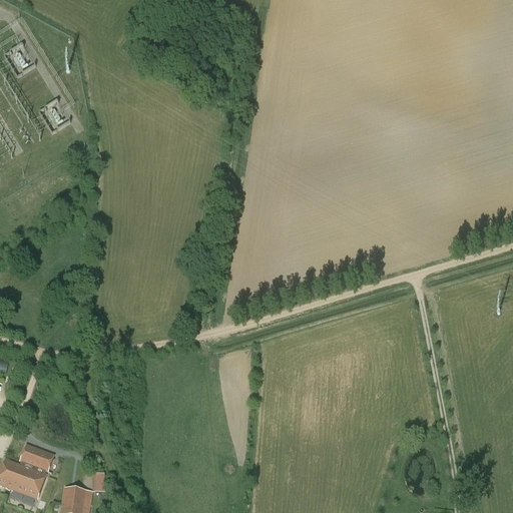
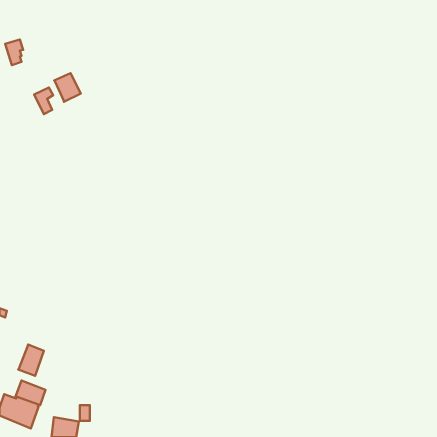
building: none -> [54,73,81,102]
building: none -> [18,345,44,376]

